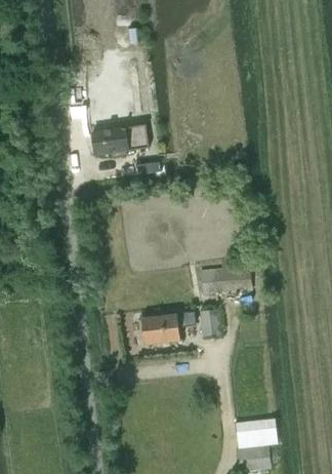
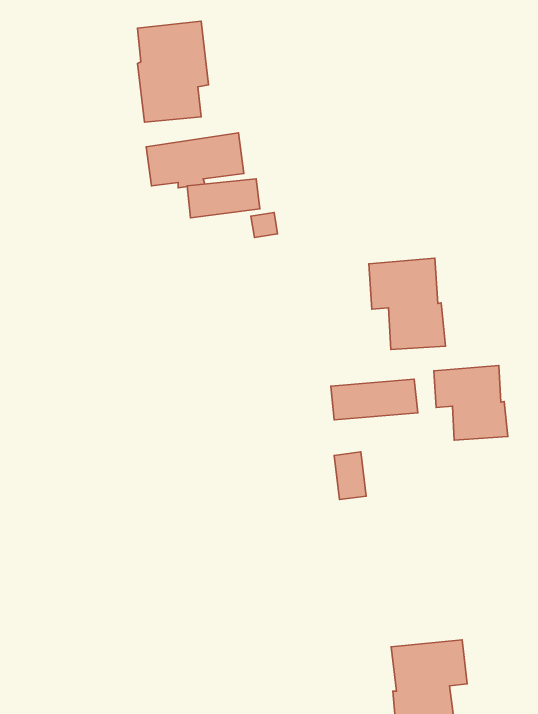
building: none -> [369,258,446,350]
building: none -> [434,365,508,440]
building: [141,314,178,344] -> none

